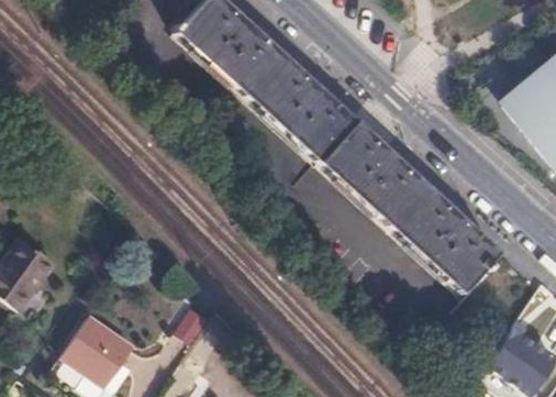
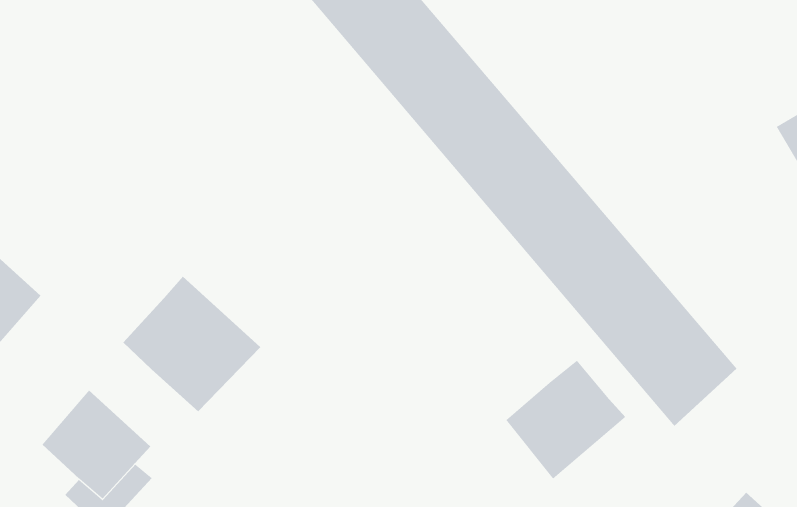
building: none -> [123,276,261,412]
building: none -> [506,360,626,479]

